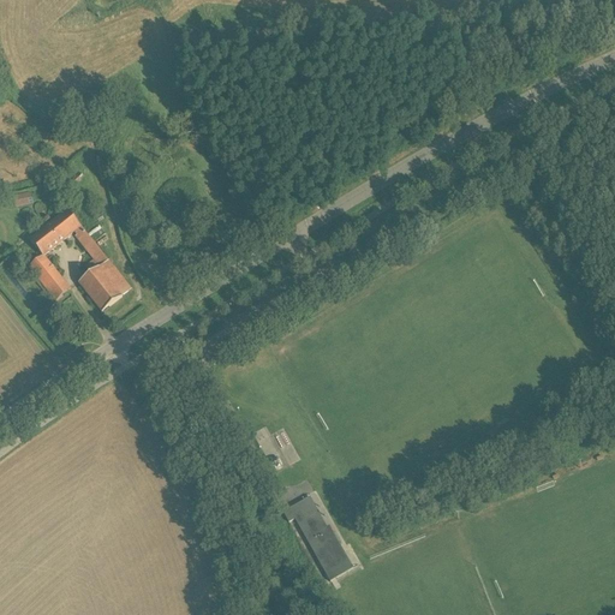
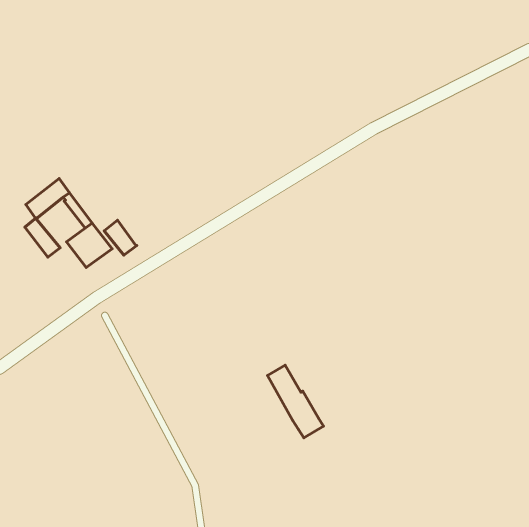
building: none -> [104,220,137,255]
building: [288,495,353,579] -> [268,365,324,438]

